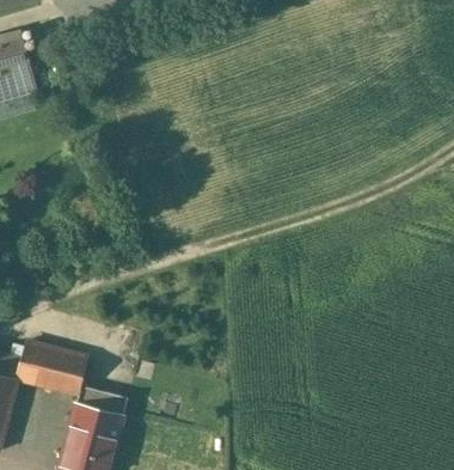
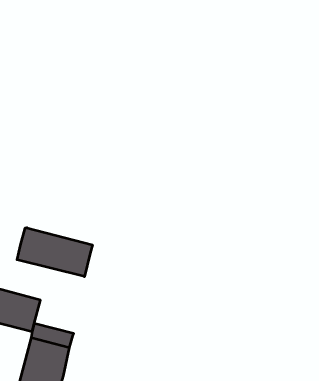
building: none -> [17,228,92,277]

